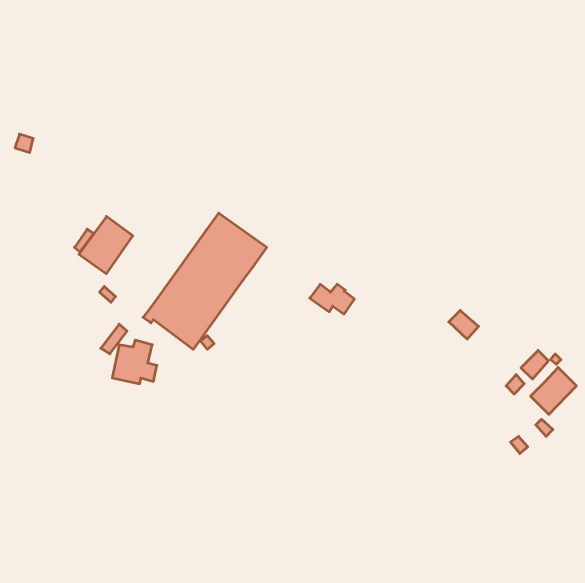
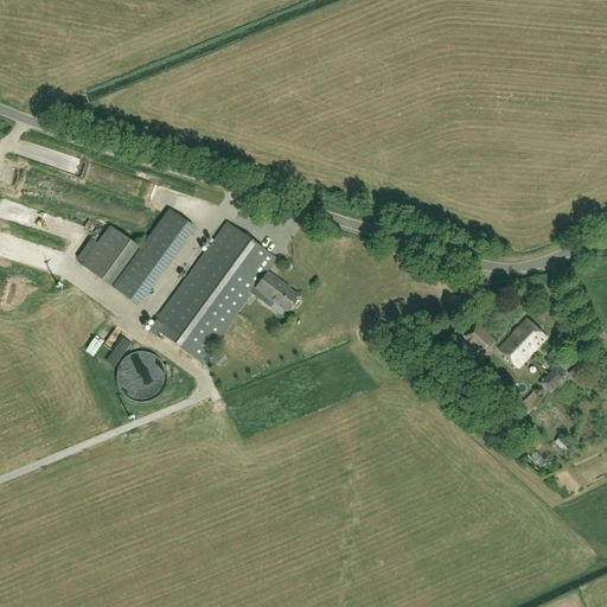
building: none -> [114,209,194,305]
building: [310,284,354,314] -> [251,276,298,307]
building: [531,367,576,414] -> [499,317,547,365]

